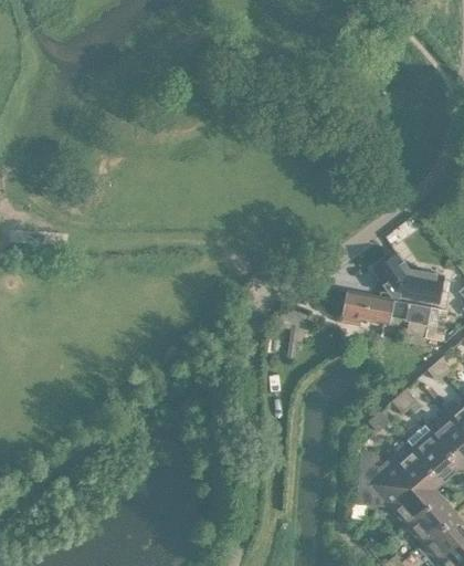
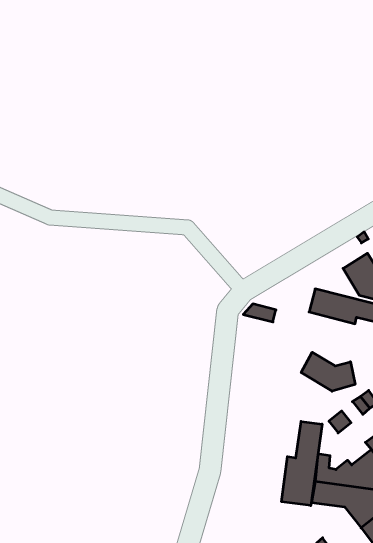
building: none -> [301,352,355,391]
building: none -> [282,421,322,506]

